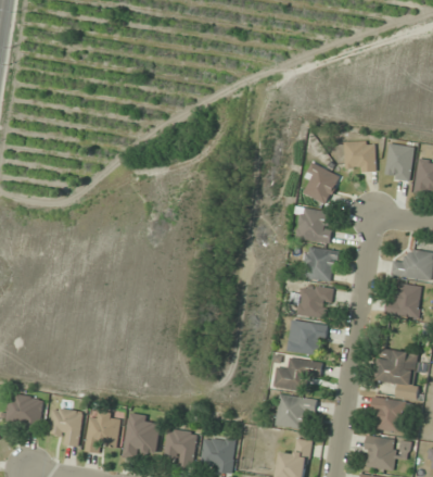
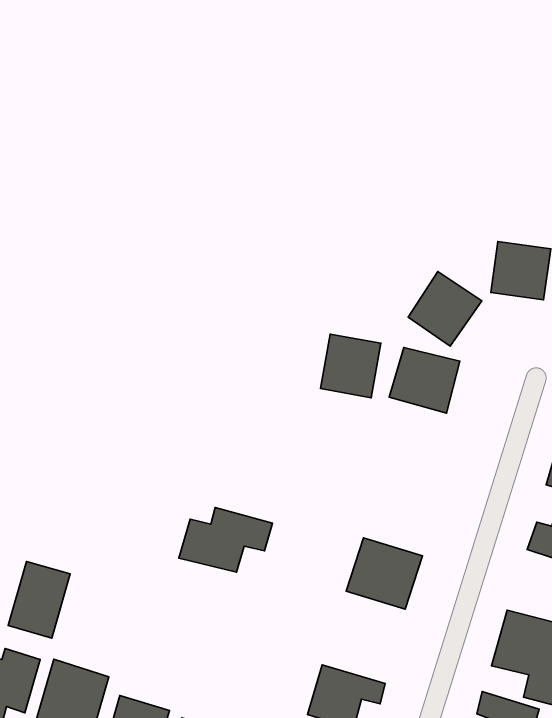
building: [305,248,335,280] -> [320,334,381,398]
building: [296,285,331,318] -> none
building: [271,356,321,391] -> [179,507,272,572]
building: none -> [8,561,70,638]

